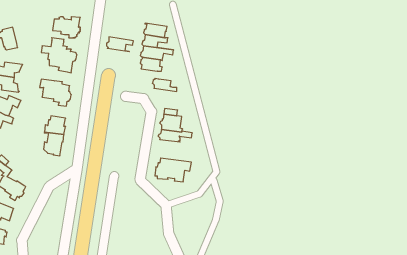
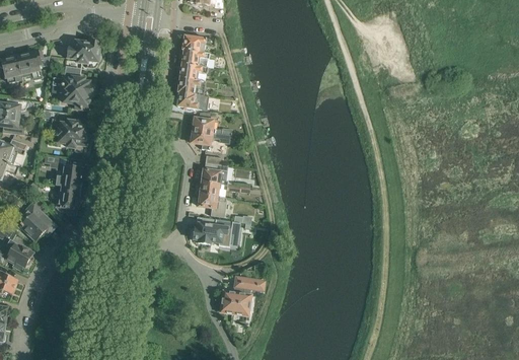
building: none -> [16,51,43,79]
building: [107,37,133,52] -> [180,34,214,53]
building: none -> [189,130,229,150]
building: none -> [197,194,226,217]
building: none -> [14,199,55,240]
building: none -> [220,276,258,314]

